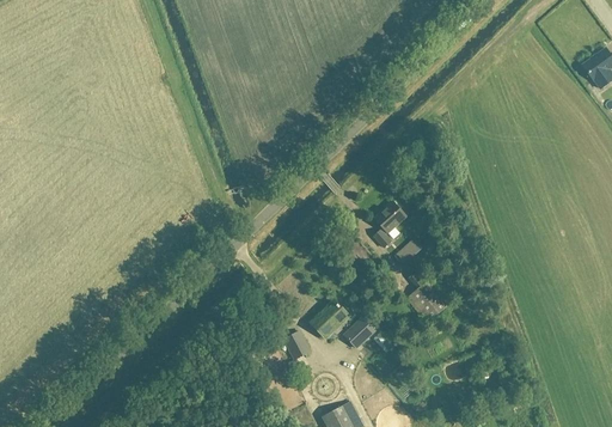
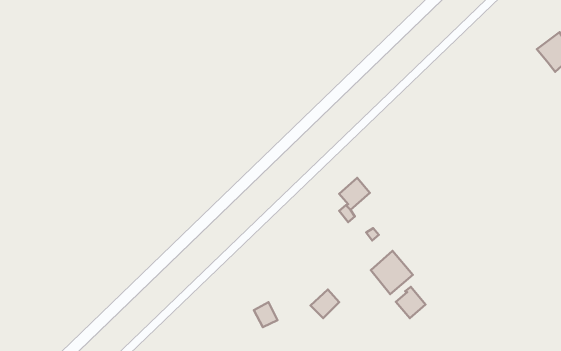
building: [311,300,348,337] -> none
building: none -> [396,287,426,318]

